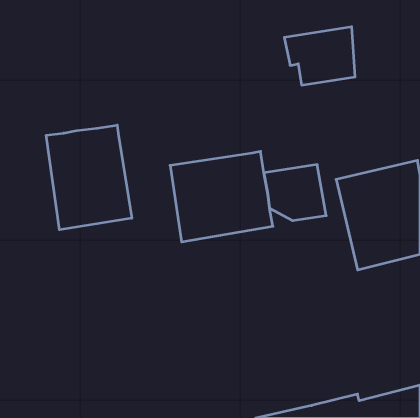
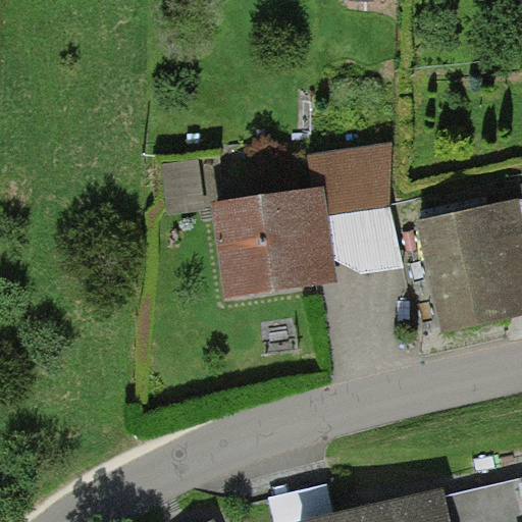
building: [284,27,355,85] -> [306,142,394,214]
building: [46,125,132,230] -> none

